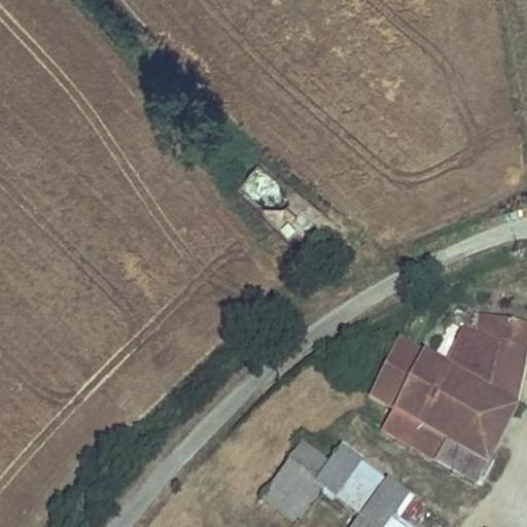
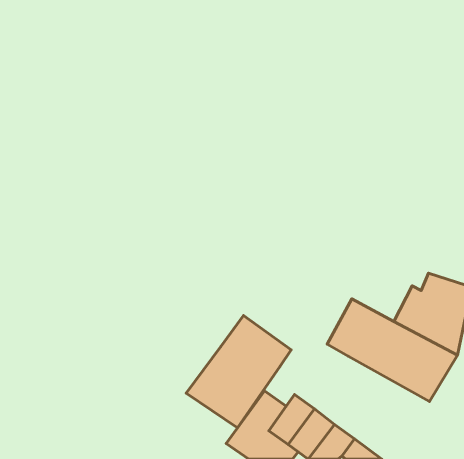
building: none -> [186,315,291,428]
building: [383,402,487,477] -> none

